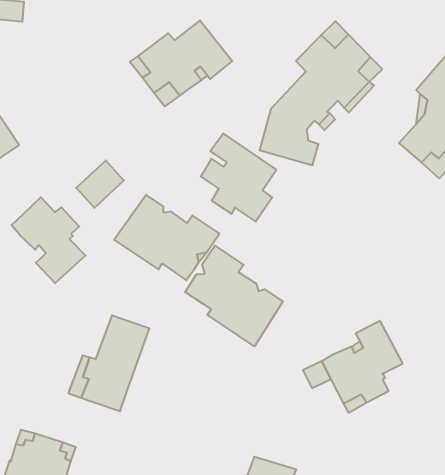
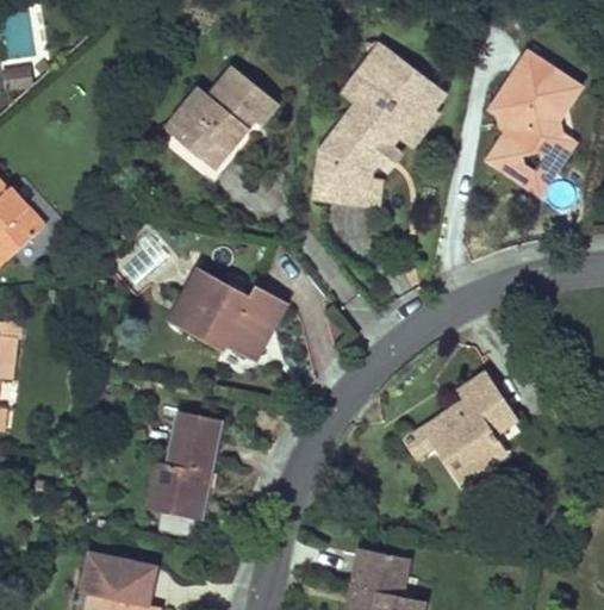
building: [201,133,276,222] -> none
building: [11,197,86,283] -> none
building: [185,246,283,346] -> none

